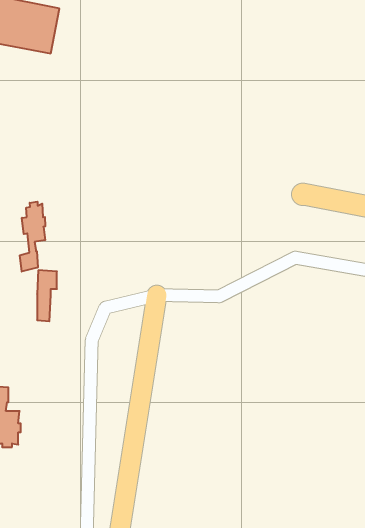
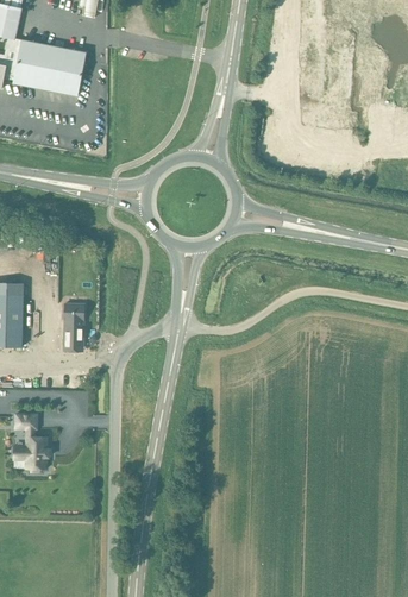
building: [20,202,45,272] -> none

